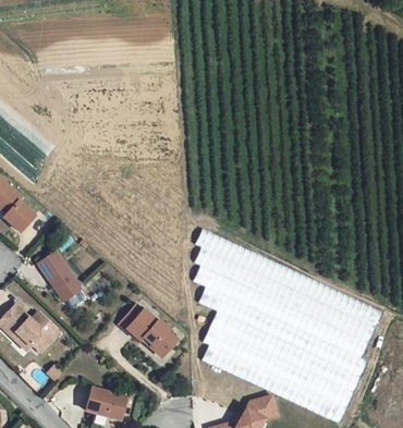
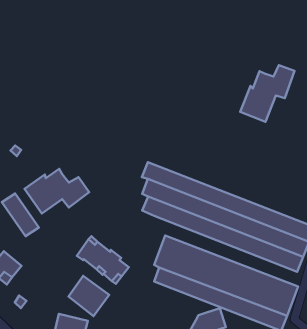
building: none -> [240,65,295,122]
building: none -> [24,169,89,214]
building: [199,286,367,375] -> none
building: none -> [68,276,109,316]

